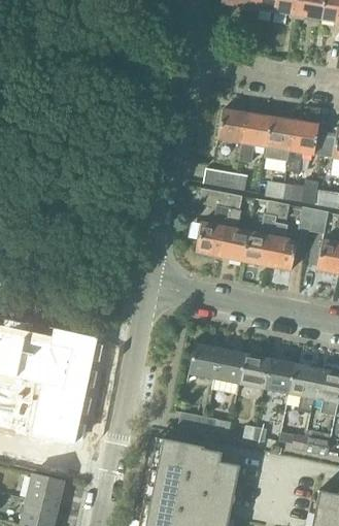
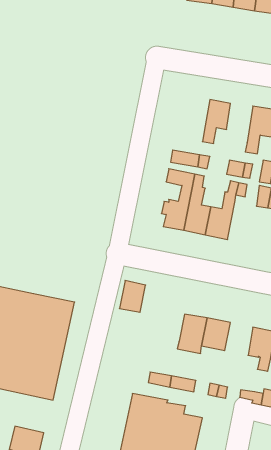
building: [218,108,247,141] -> none
building: [264,117,295,160] -> none
building: [267,224,298,271] -> none
building: [191,344,219,380] -> [119,280,146,312]
building: [264,359,295,395] -> none

